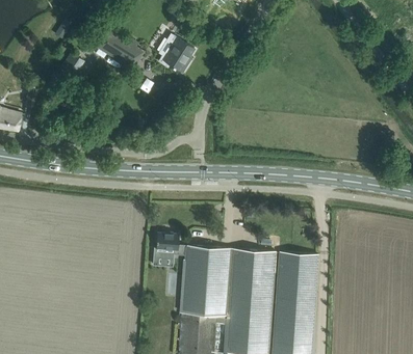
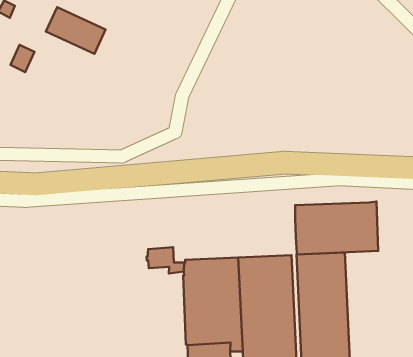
building: [158,35,195,72] -> none
building: none -> [295,201,378,254]

